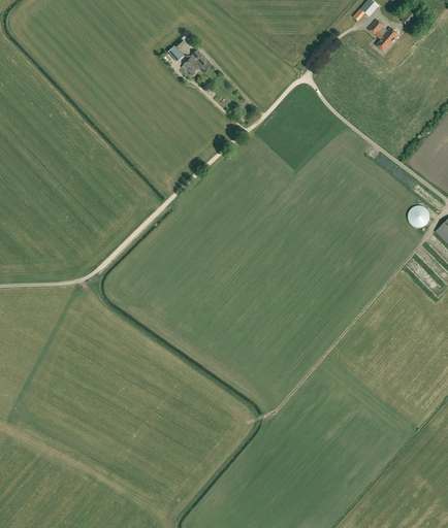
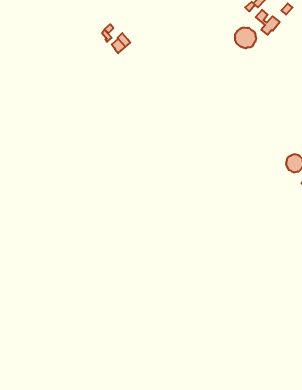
building: none -> [235,28,256,48]

